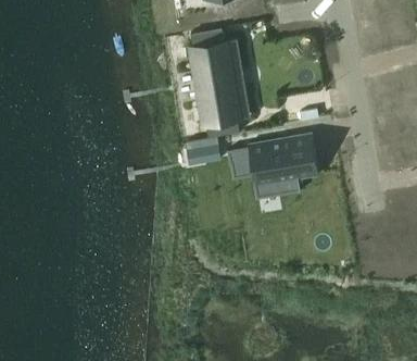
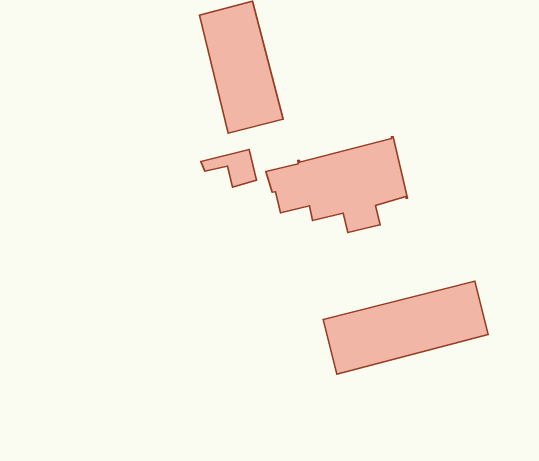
building: none -> [323,281,488,374]

